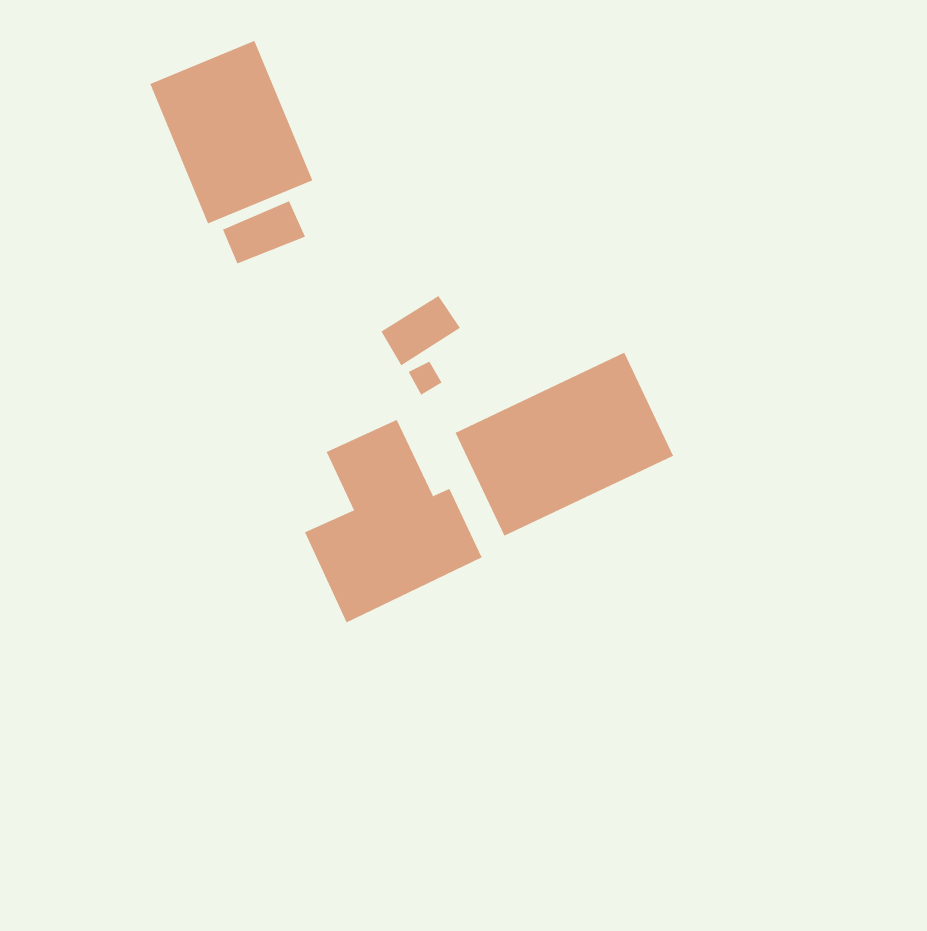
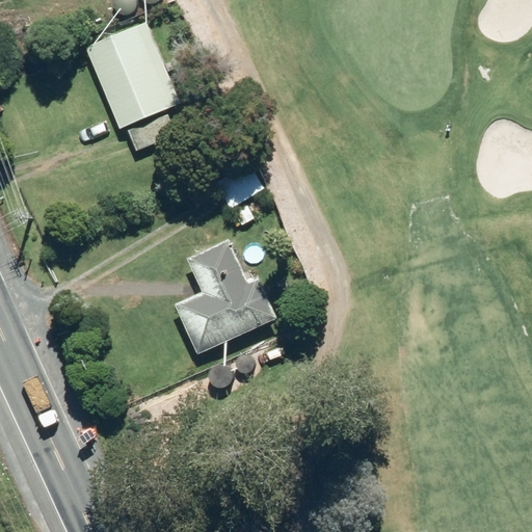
building: [455,352,674,536] -> none

